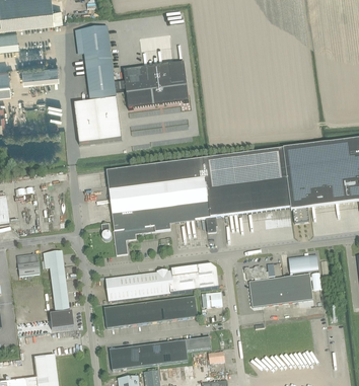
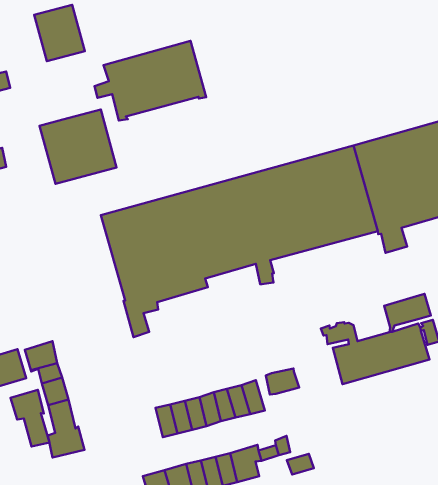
building: [84,59,116,102] -> none
building: [104,264,216,301] -> none
building: none -> [10,390,49,447]
building: [103,305,126,328] -> none

